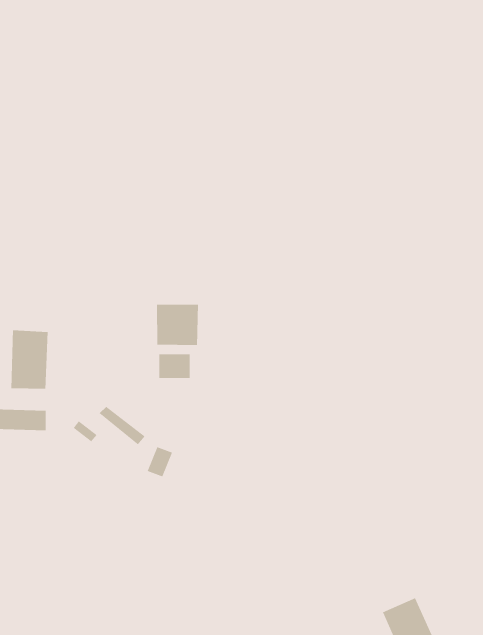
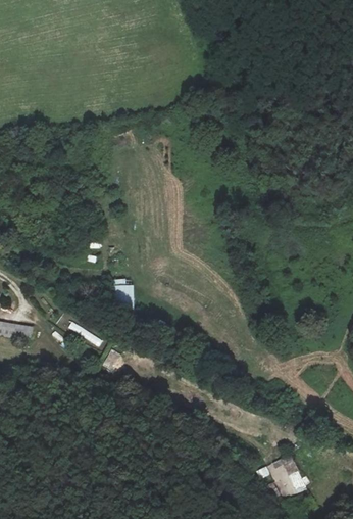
building: [157,304,198,346] -> none
building: [11,329,48,390] -> none

